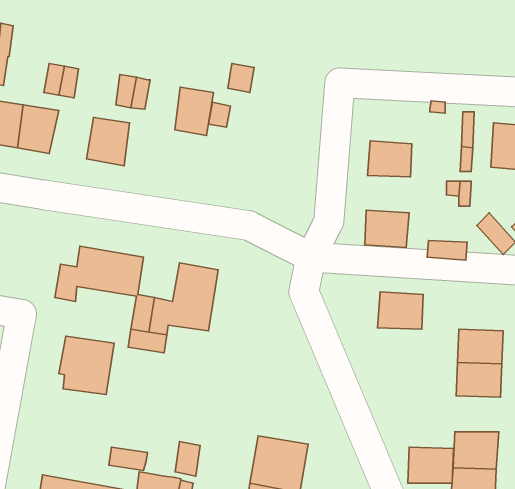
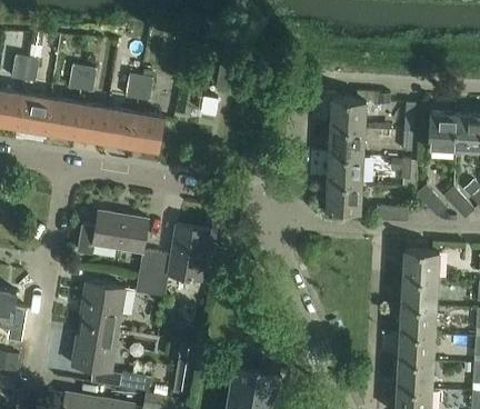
building: [175,87,214,136] -> [132,113,163,152]
building: none -> [330,100,366,130]
building: none -> [72,103,108,142]
building: none -> [327,156,362,186]
building: [377,292,423,329] -> [401,250,438,280]
building: none -> [72,327,118,373]
building: [408,447,453,483] -> [398,332,434,361]

